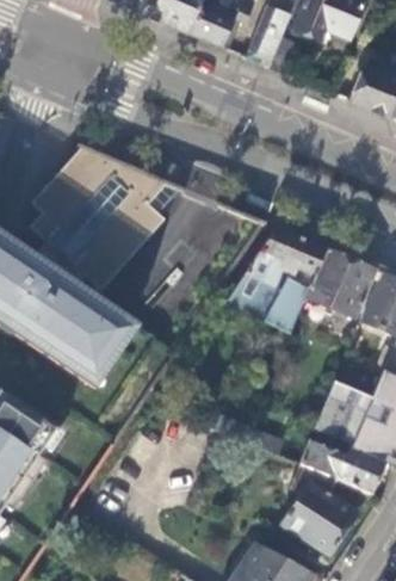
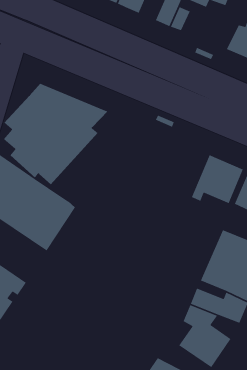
building: [225,227,326,330] -> none

